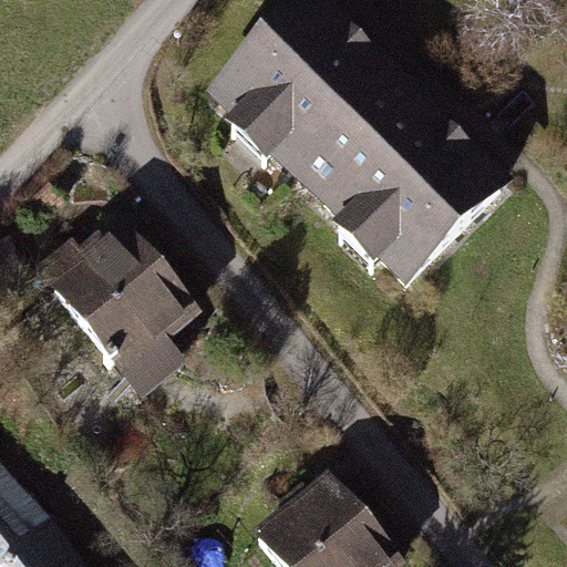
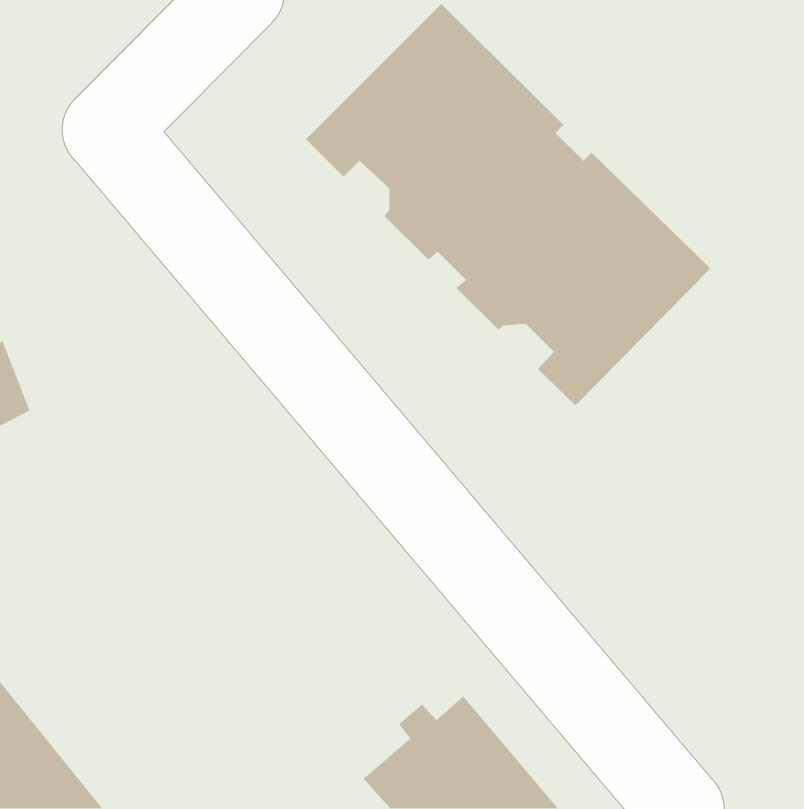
building: [32,233,185,369] -> none

